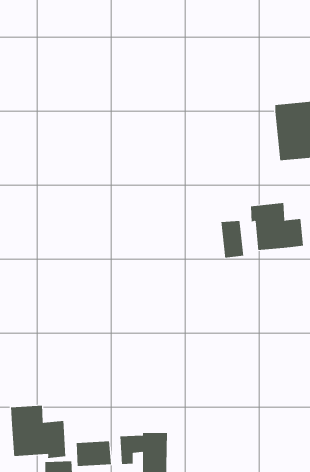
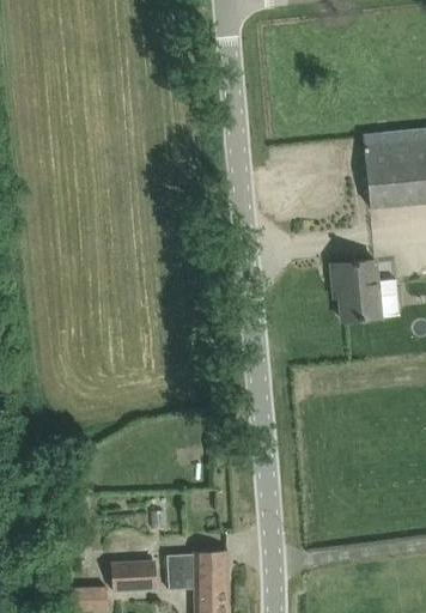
building: [221,220,244,258] -> none
building: [11,405,66,459] -> none

